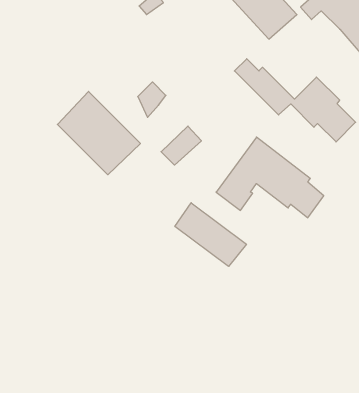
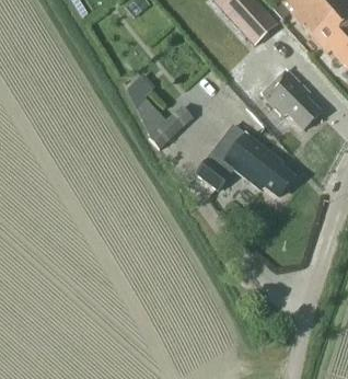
building: [57,91,140,175] -> none
building: [175,203,246,266] -> none

